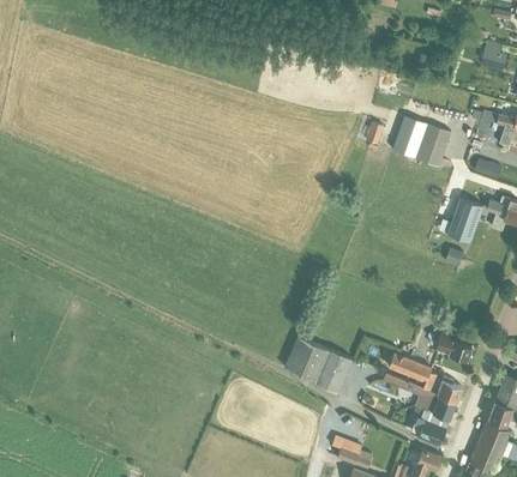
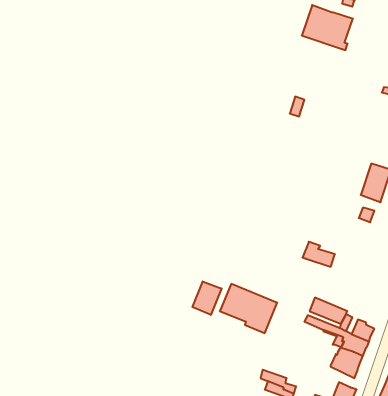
building: [391,115,450,167] -> [302,5,353,50]
building: [434,331,471,360] -> [302,242,335,267]
building: none -> [192,281,222,315]

